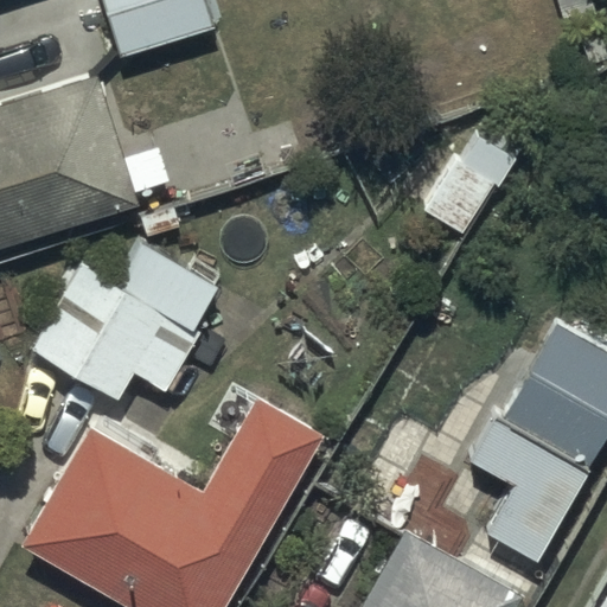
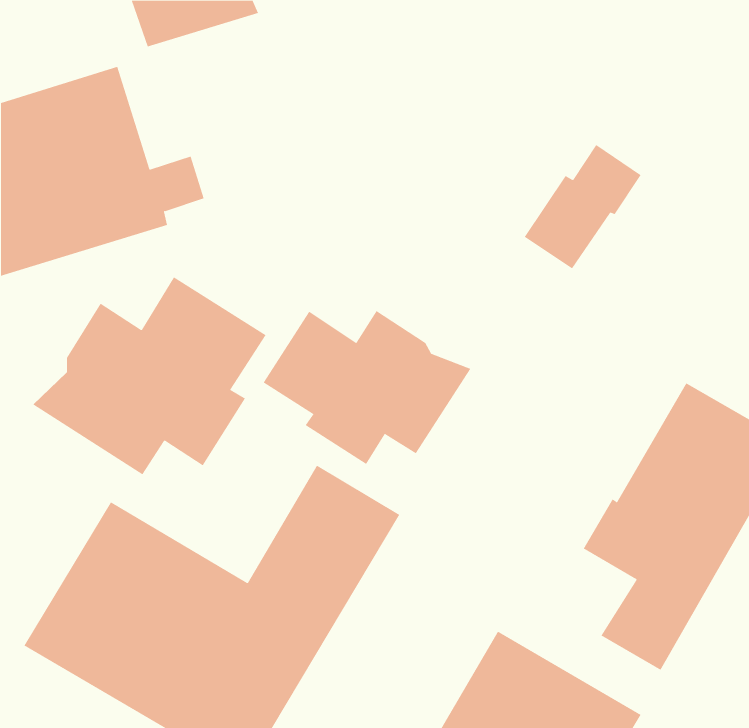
building: none -> [263,310,471,465]

